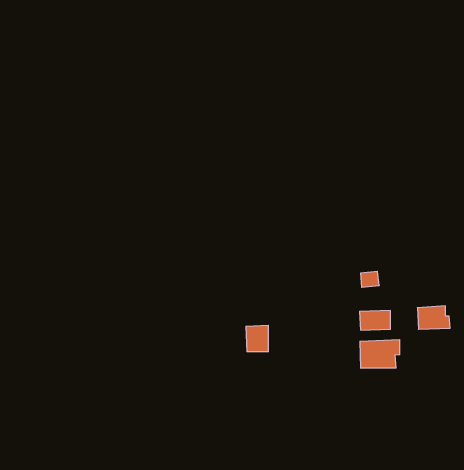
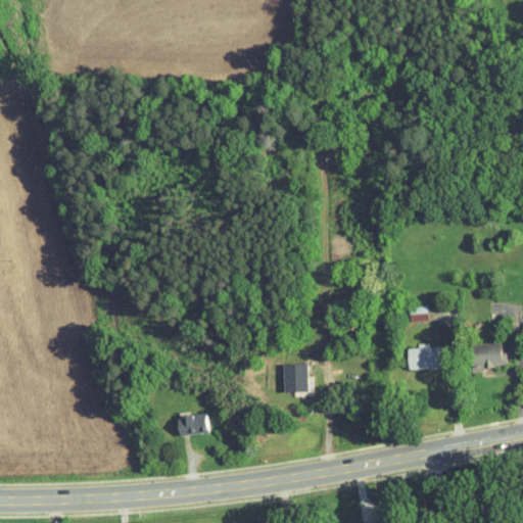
building: [360,340,400,368] -> none
building: none -> [178,414,207,435]

